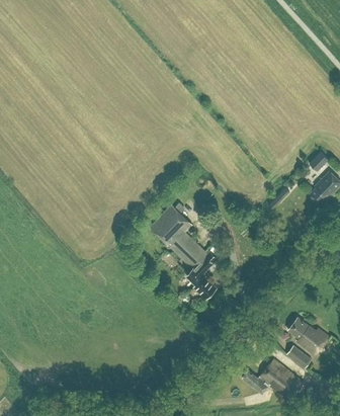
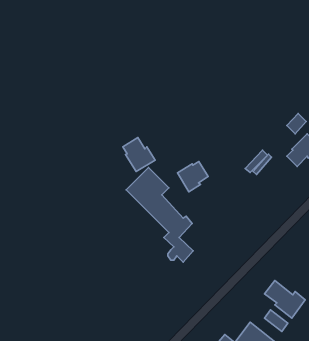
building: none -> [123,138,155,171]
building: none -> [178,162,208,192]

